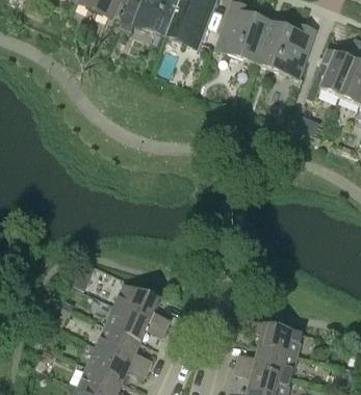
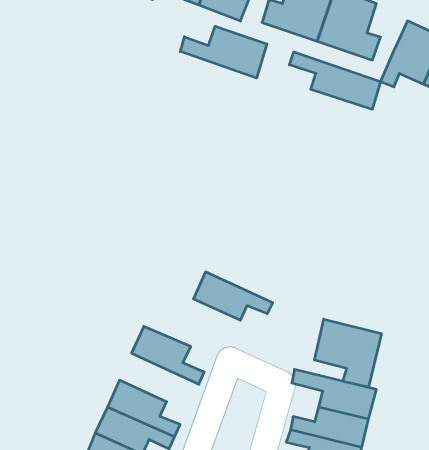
building: none -> [180,26,267,78]
building: none -> [289,52,381,109]
building: none -> [314,319,381,387]
building: [105,302,166,340] -> [193,272,273,320]

